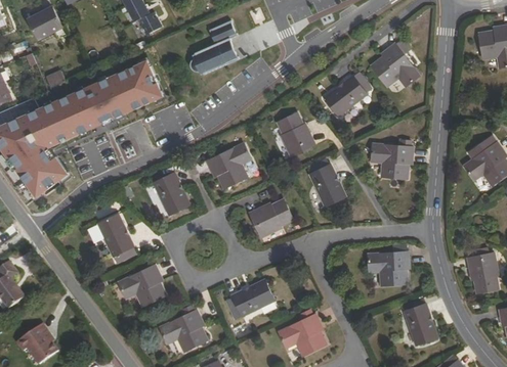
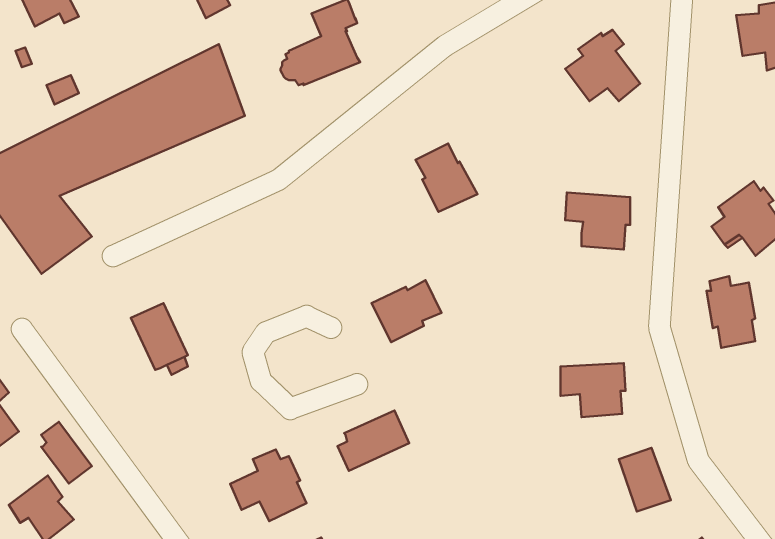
building: [324,76,368,116] -> none
building: [207,144,251,189] -> none
building: [309,165,345,207] -> none
building: [153,174,188,215] -> none
building: [467,247,498,292] -> [706,276,755,348]
building: [118,265,166,305] -> none
building: none -> [41,422,92,484]
building: [278,311,326,356] -> none

